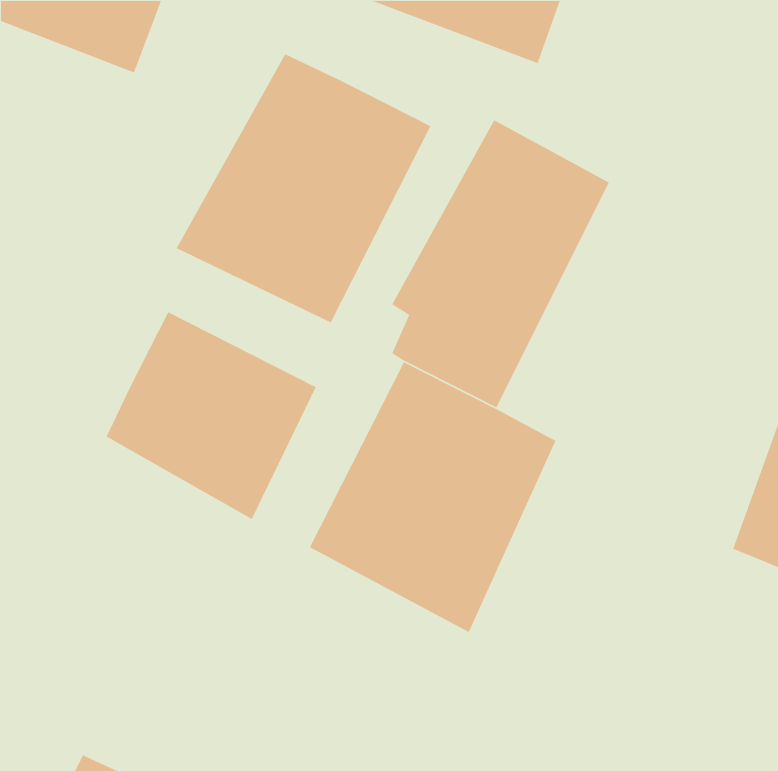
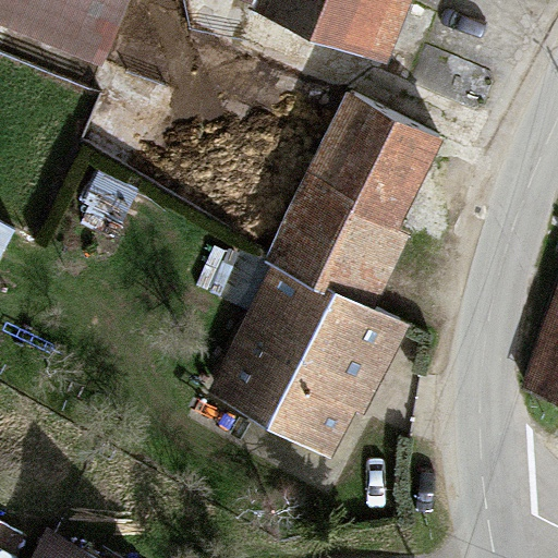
building: [175,53,431,323] -> none
building: [105,311,317,520] -> none

